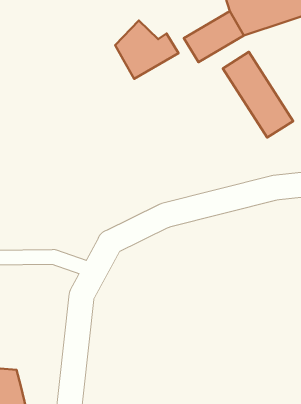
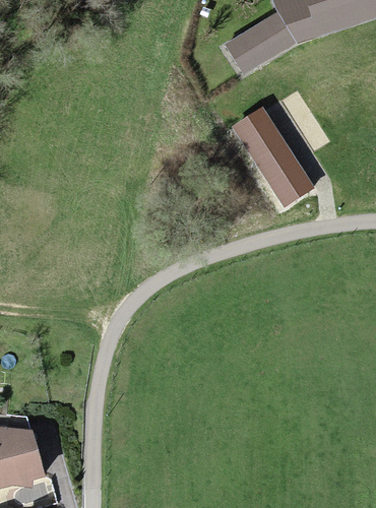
building: [115,21,178,79] -> none
building: [223,52,293,138] -> [232,103,314,203]

